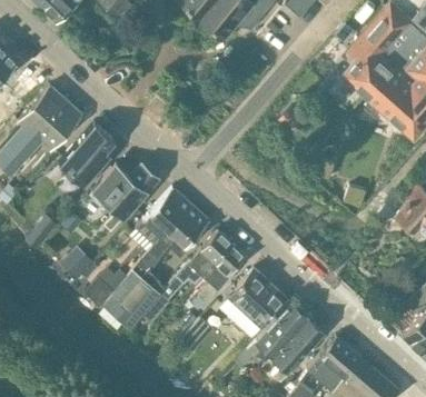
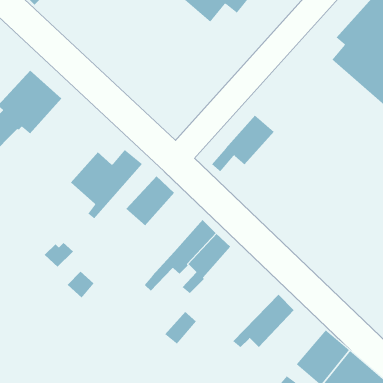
building: [58,123,120,187] -> none
building: [148,206,209,261] -> [211,115,274,172]
building: [103,262,168,329] -> none
building: [228,270,287,328] -> none
building: [271,319,323,380] -> none

